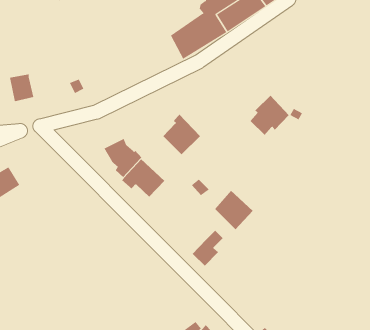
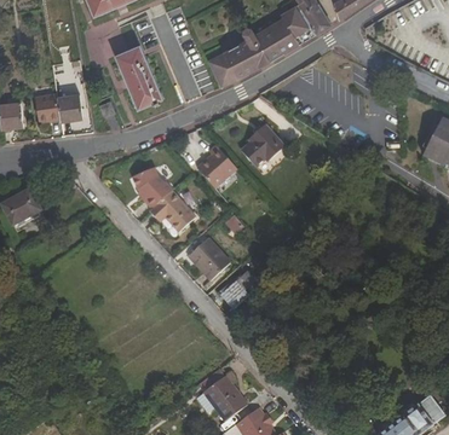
building: none -> [115,45,163,110]
building: none -> [57,94,84,122]
building: [249,95,290,136] -> [241,124,284,168]
building: [214,190,254,230] -> [189,238,231,282]

